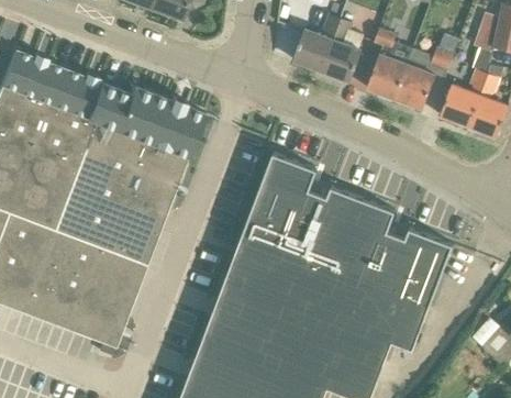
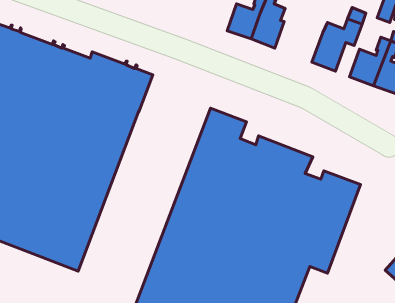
building: [366,29,412,98] -> none

